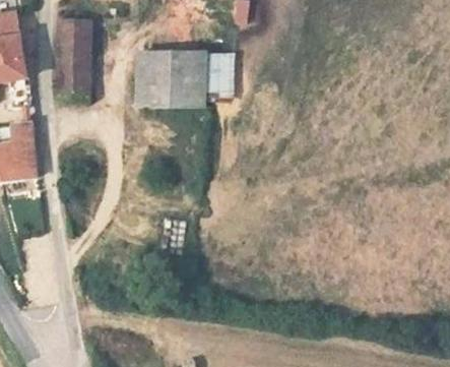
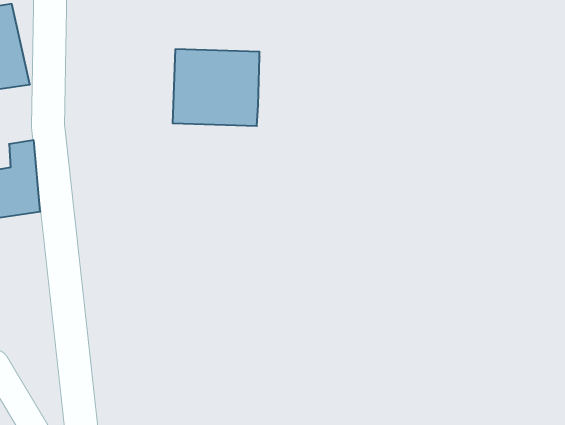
building: [59,18,89,100] -> none
building: [206,54,234,93] -> none

